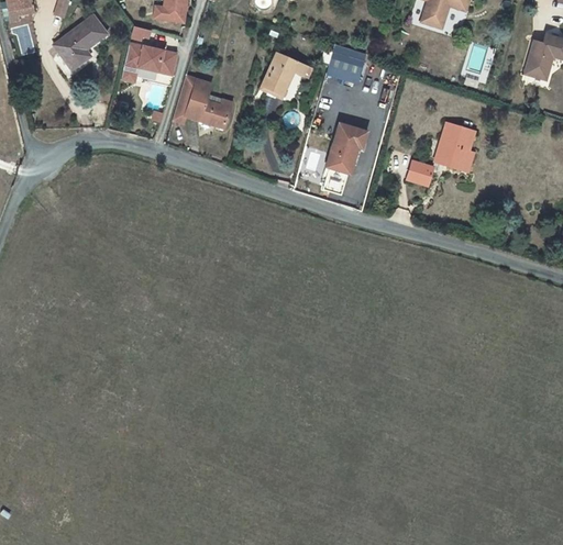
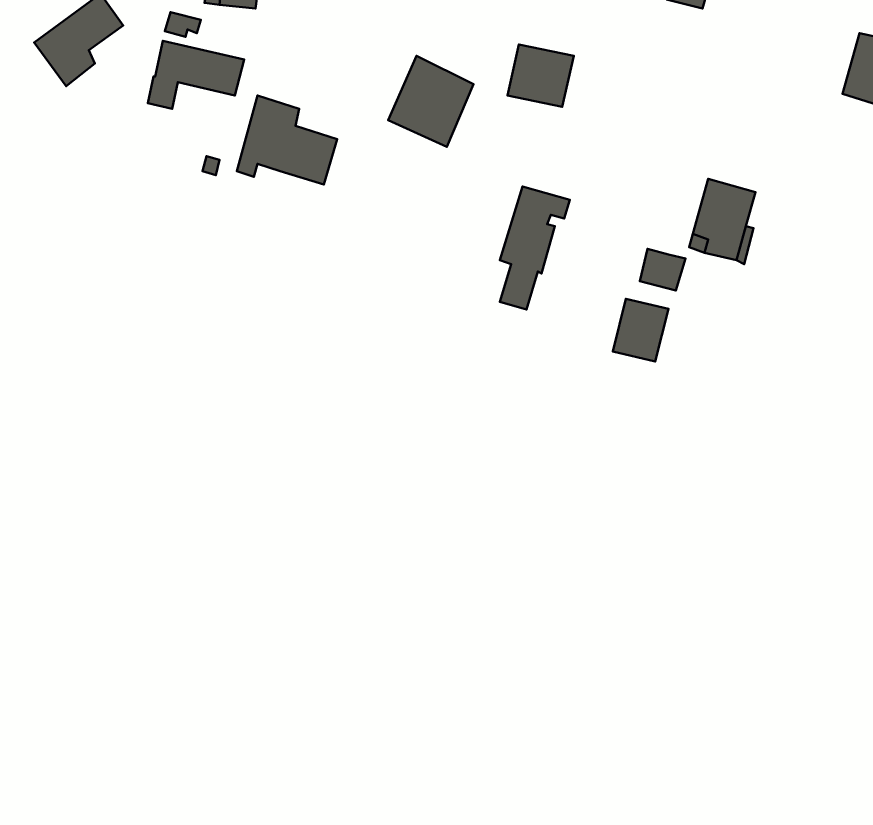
building: none -> [613,299,668,361]

